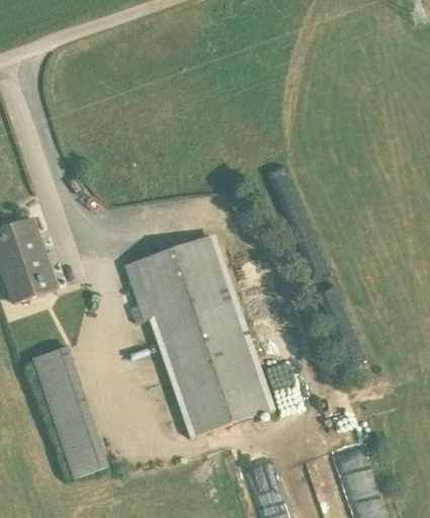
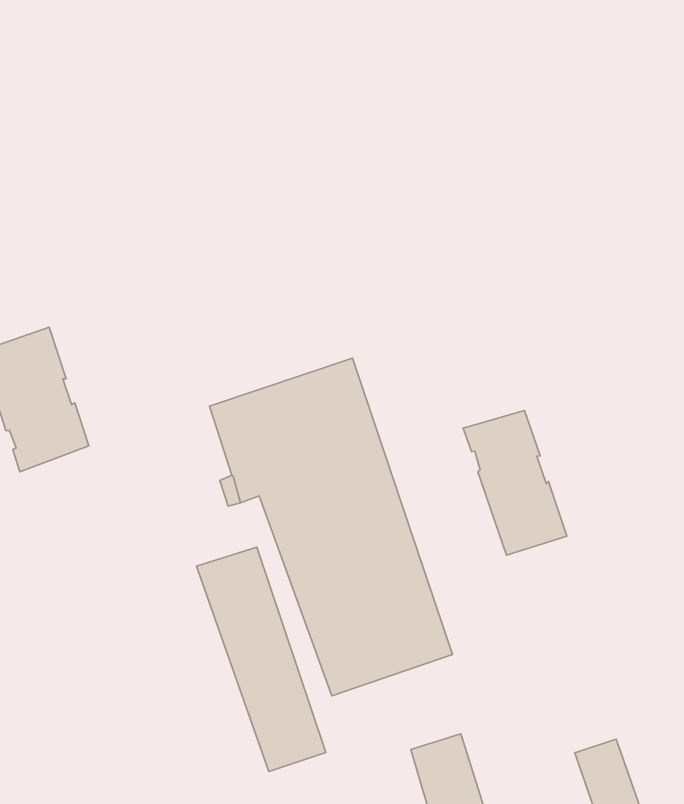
building: none -> [463,411,567,555]
building: [31,346,107,478] -> [196,547,326,771]

